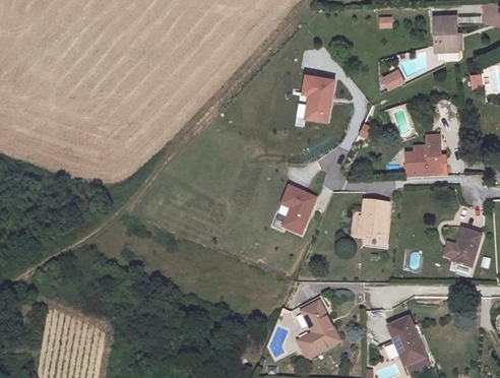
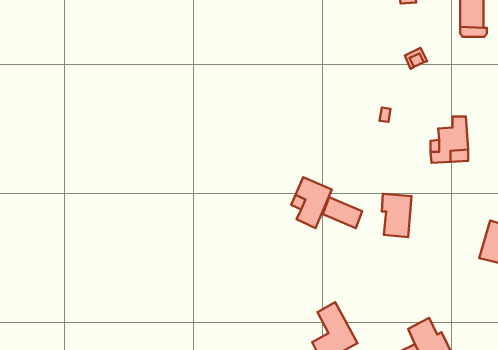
building: [303,74,333,121] -> none
building: none -> [323,197,362,228]

